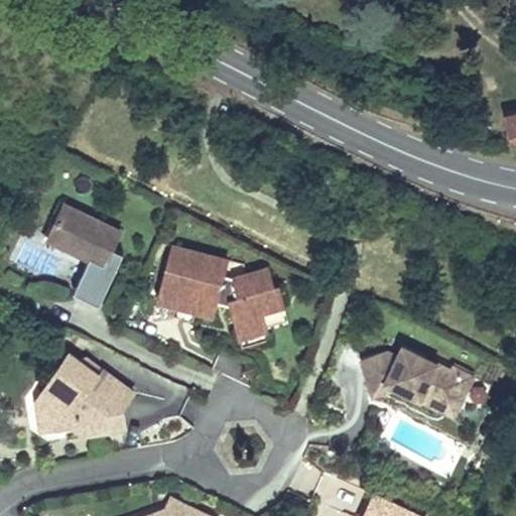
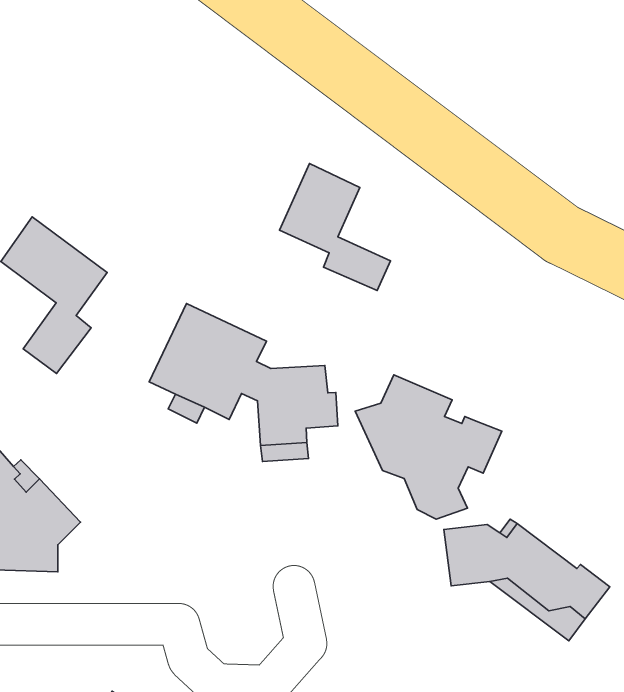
building: none -> [280,164,390,291]
building: none -> [355,375,502,519]

